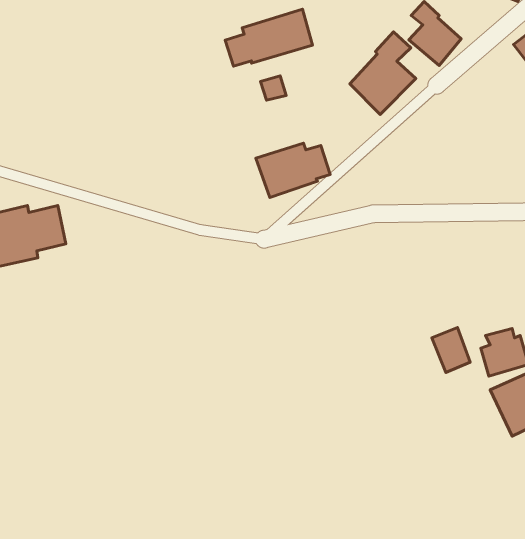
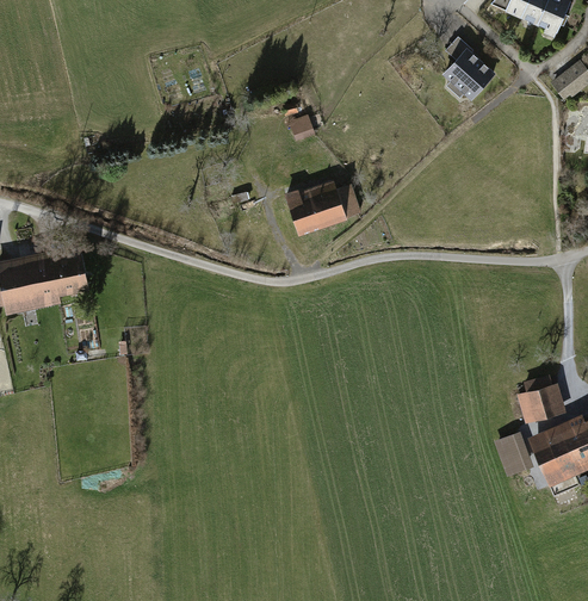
building: [225,9,312,66] -> none
building: [350,32,416,115] -> none
building: [432,327,470,373] -> [493,430,532,477]

